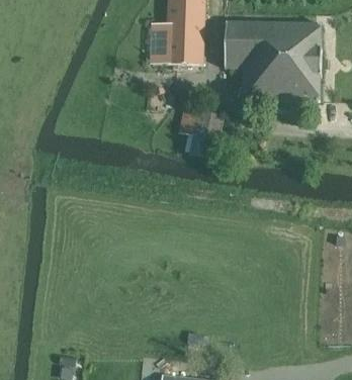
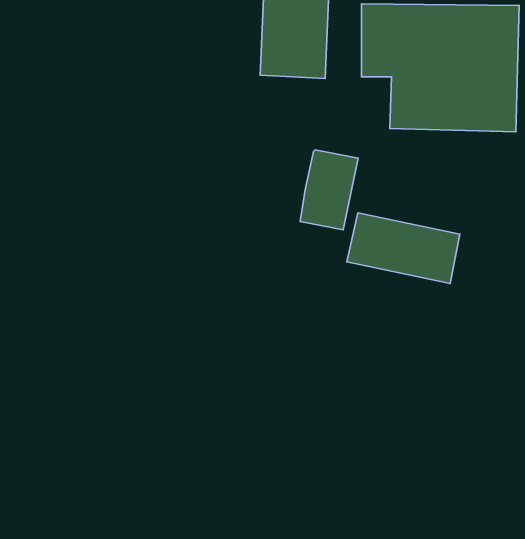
building: none -> [347,213,460,283]

